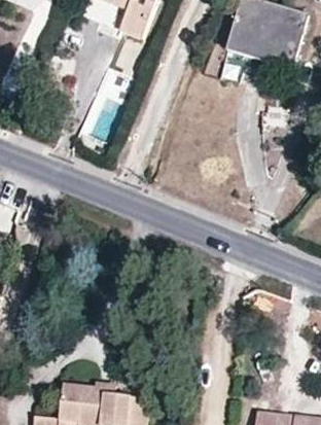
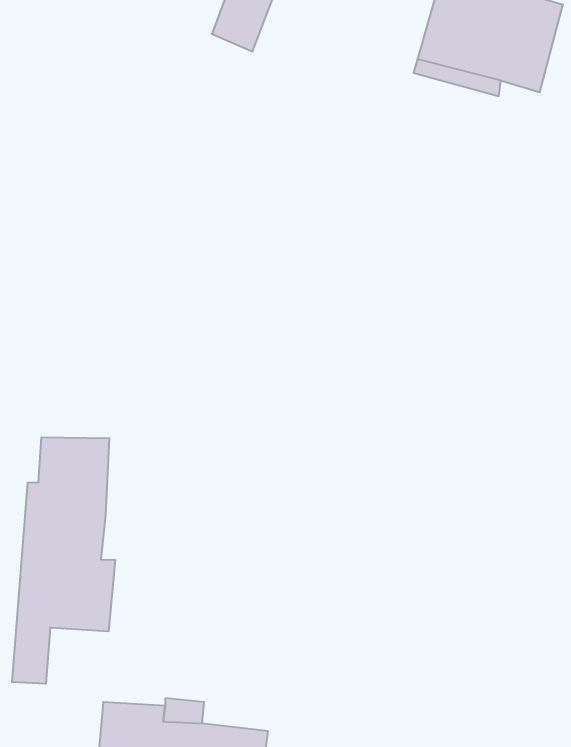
building: none -> [12,437,115,684]

